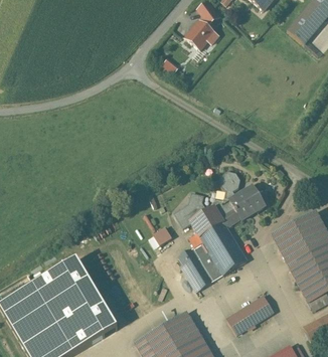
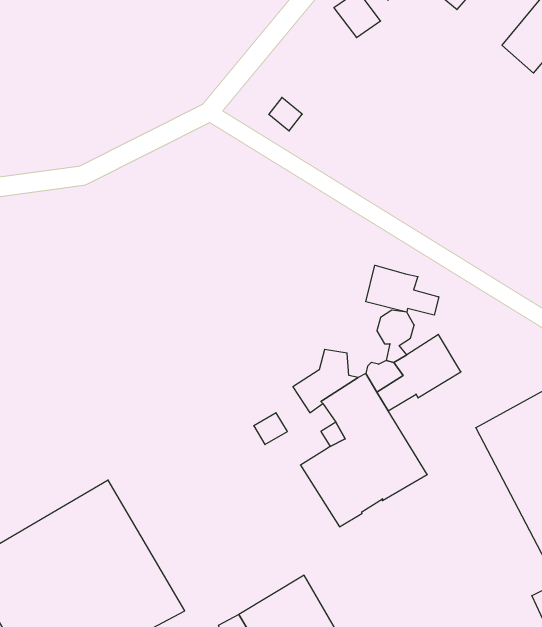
building: [186,18,218,50] -> none
building: none -> [366,265,439,315]
building: [227,296,274,334] -> none

